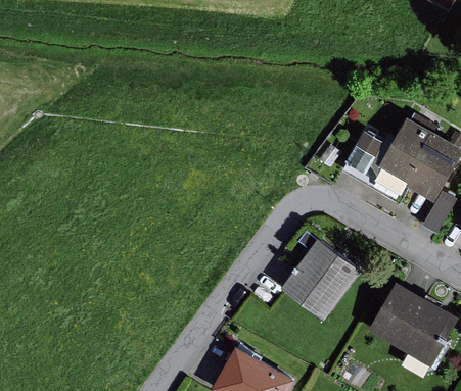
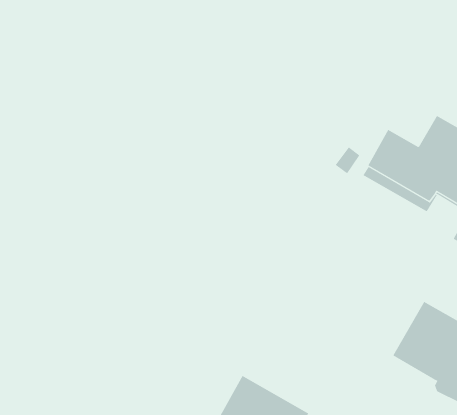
building: [282,237,362,319] -> none

